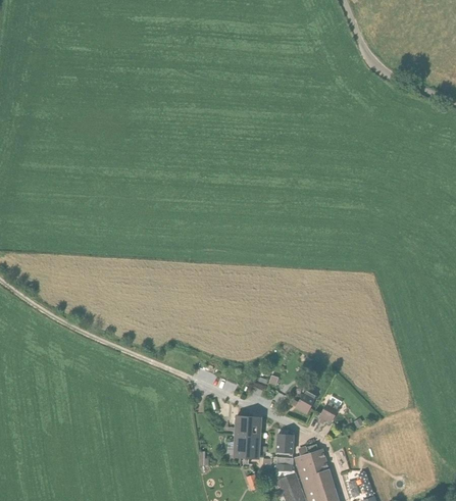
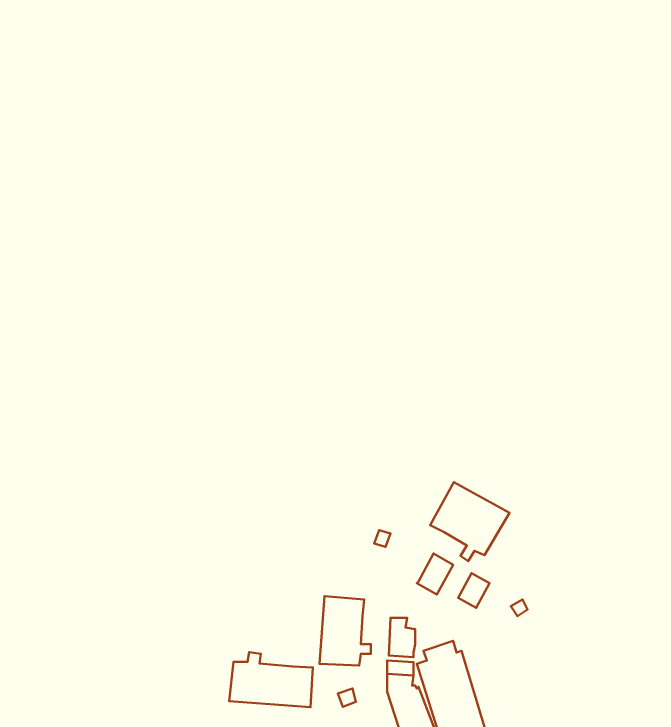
building: none -> [430,482,509,561]
building: none -> [229,652,313,707]

